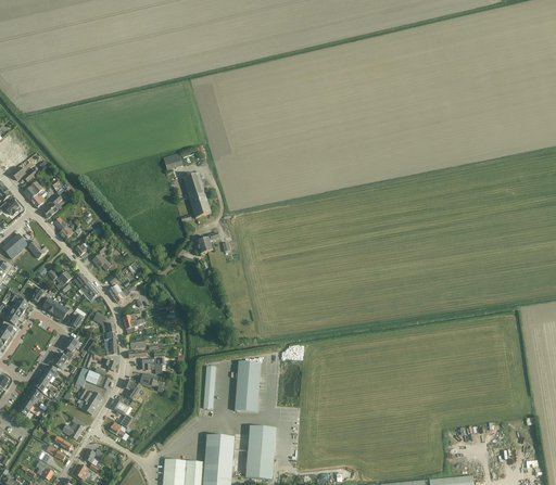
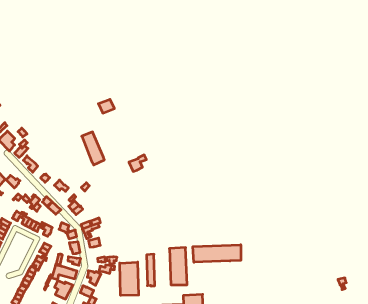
building: [182,173,210,217] -> [82,132,104,165]
building: none -> [193,245,241,262]
building: none -> [120,262,139,295]

